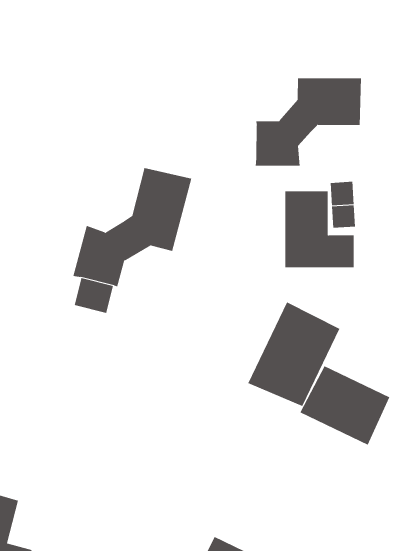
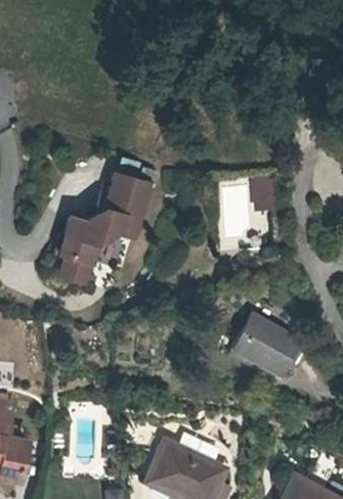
building: [255,77,362,166] -> none
building: [248,302,340,407] -> none

